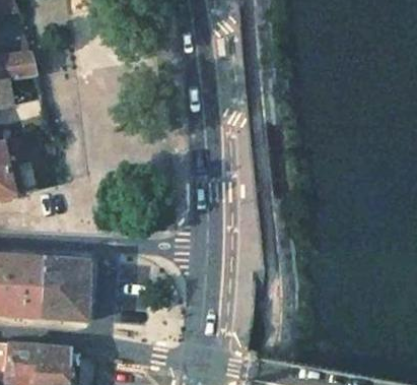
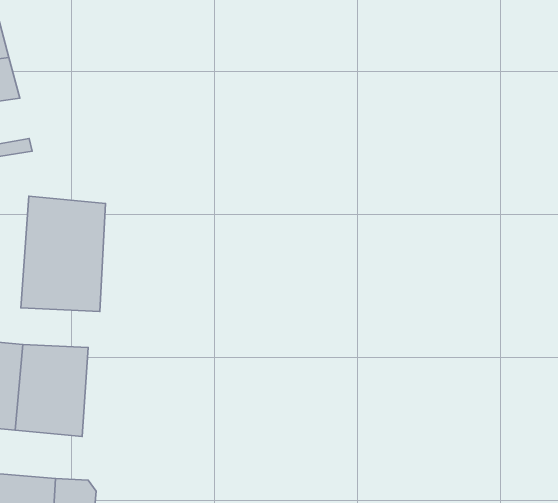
building: none -> [21,196,105,311]

